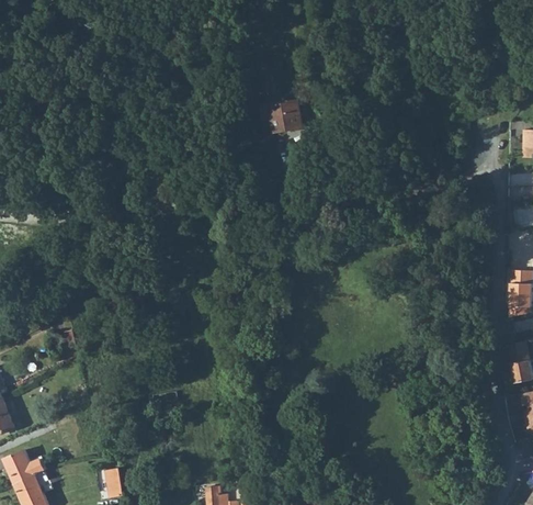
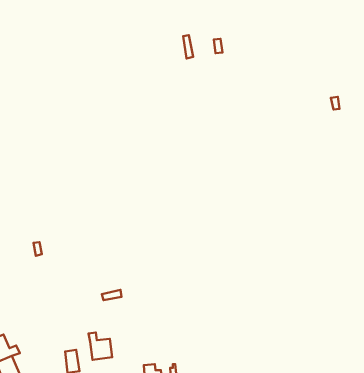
building: [268,101,302,133] -> none
building: none -> [88,333,112,360]

